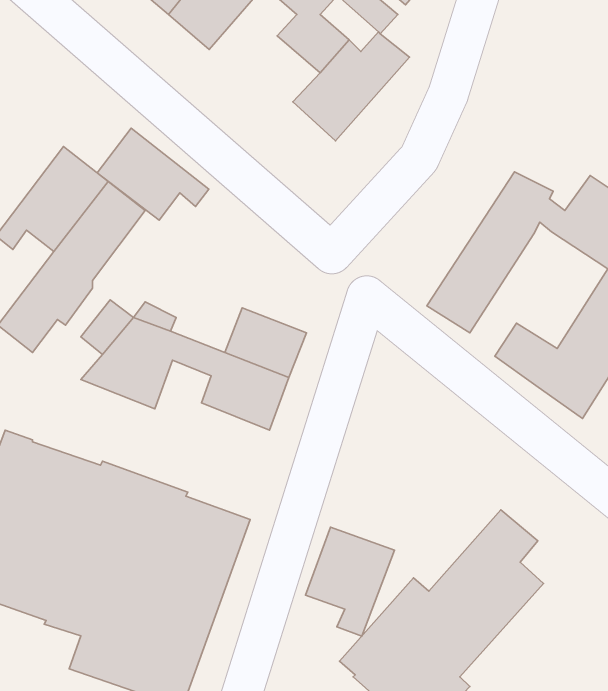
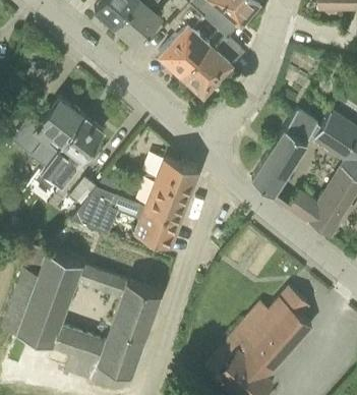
building: none -> [159,40,195,74]
building: [97,128,209,220] -> none
building: none -> [147,157,198,195]
building: [306,527,394,636] -> none

